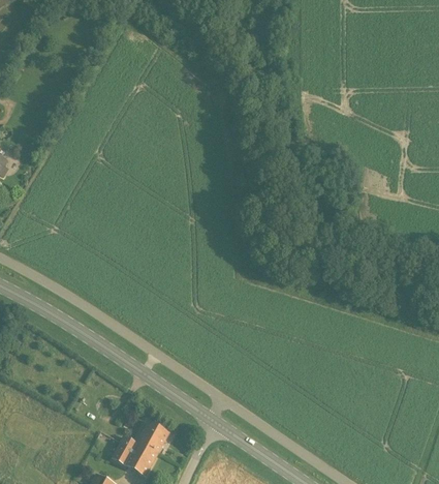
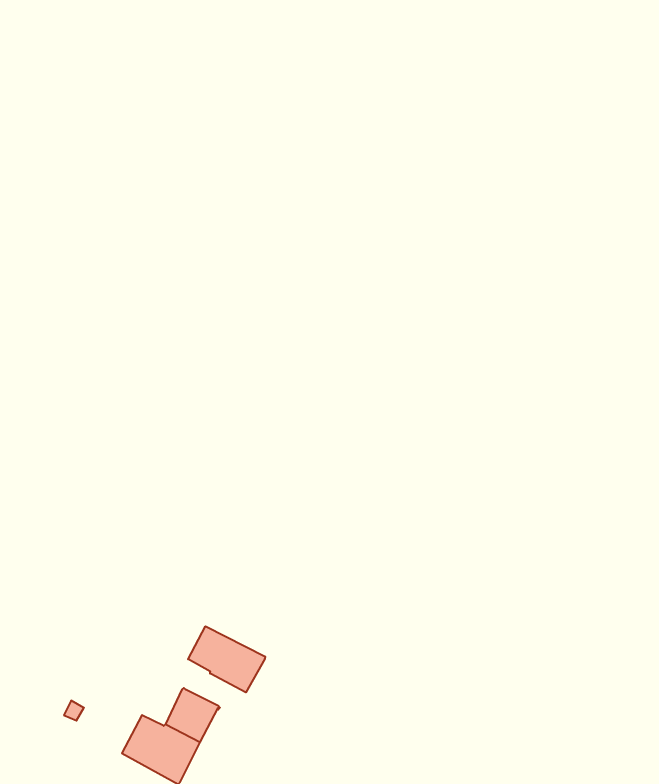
building: none -> [188,626,265,692]

